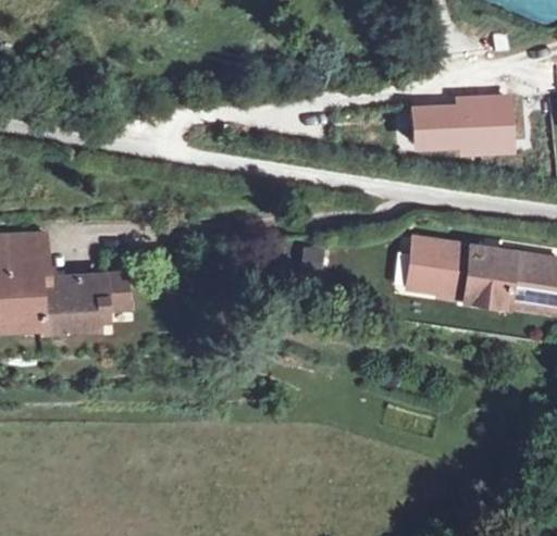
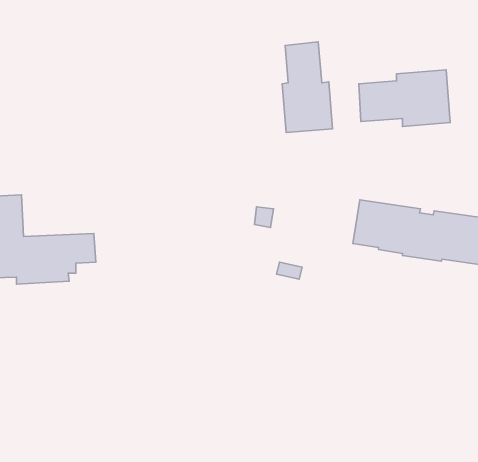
building: none -> [282,42,332,133]

